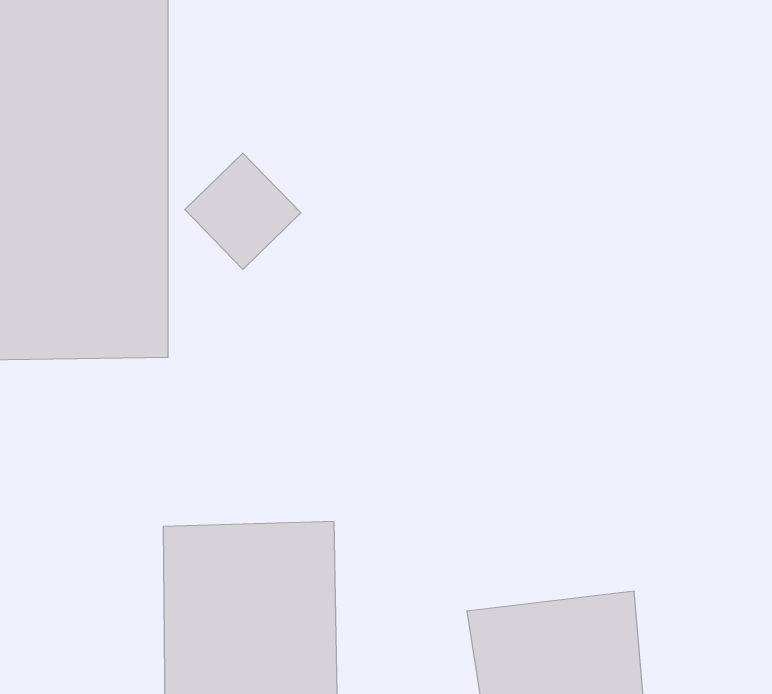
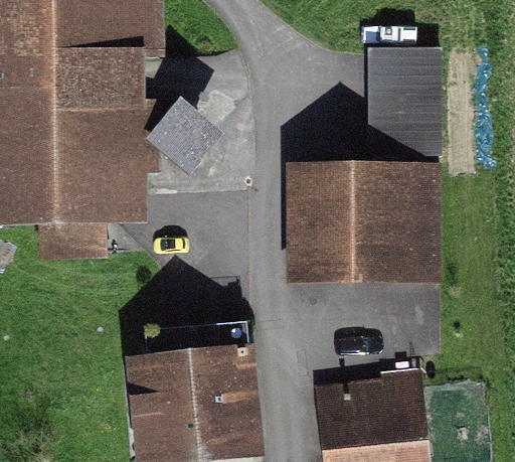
building: none -> [376,44,448,145]
building: none -> [319,164,425,271]

